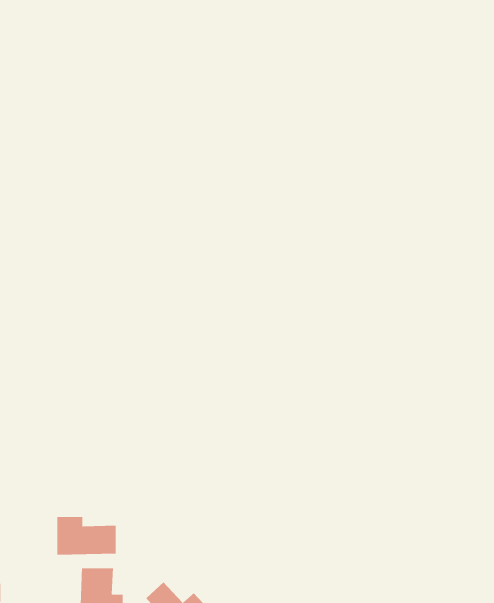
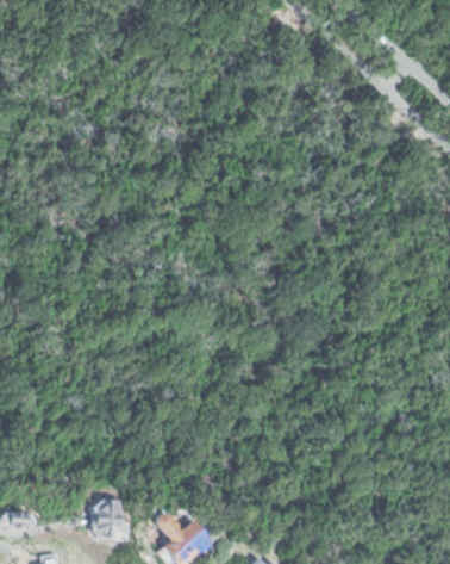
building: [57,516,116,555] -> none

